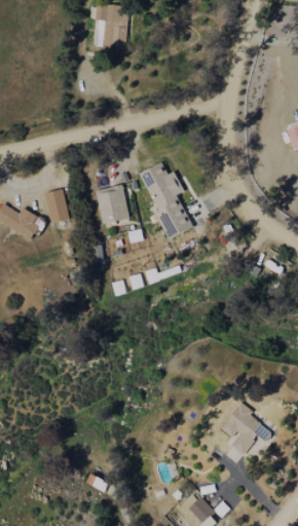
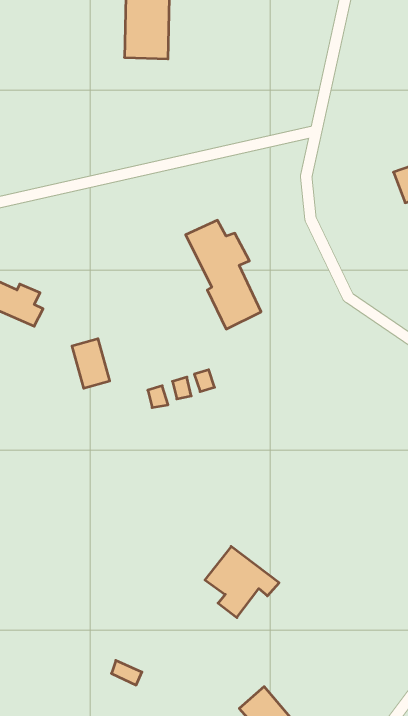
building: [96,185,131,225] -> none
building: [44,189,71,224] -> [72,339,110,388]
building: [221,406,273,456] -> [205,546,279,618]

